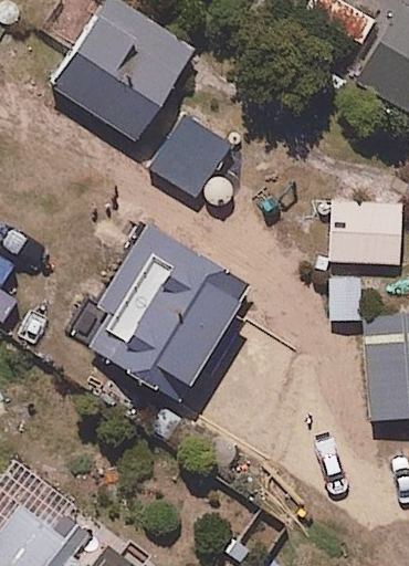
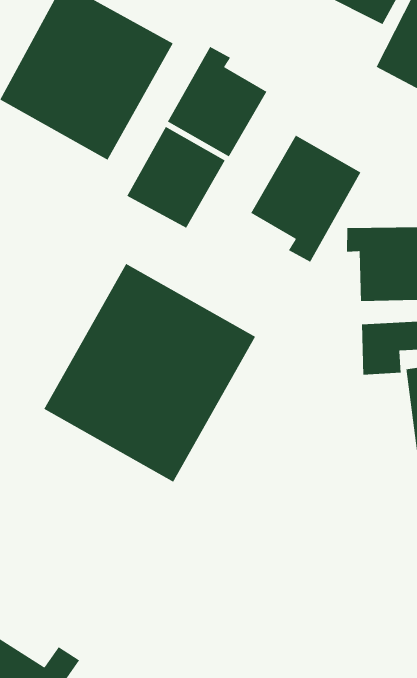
building: none -> [167,46,267,158]
building: none -> [250,134,362,263]

